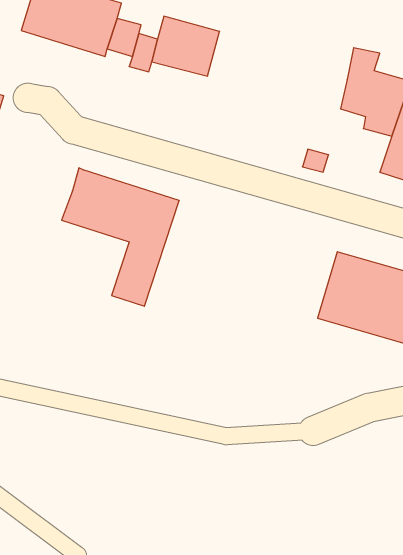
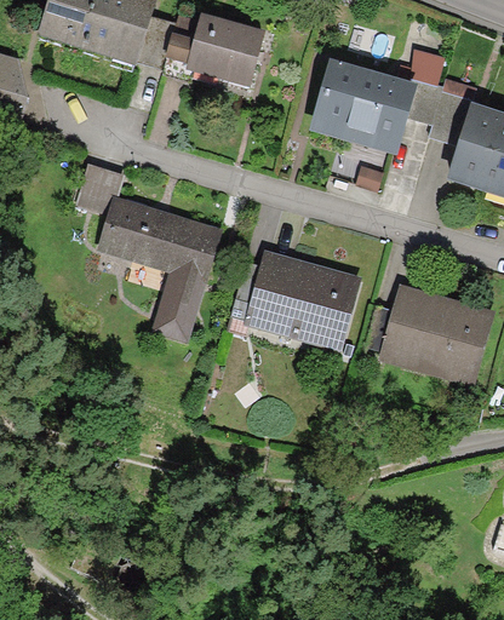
building: none -> [307,68,411,162]
building: none -> [74,160,122,212]
building: none -> [245,249,361,349]

